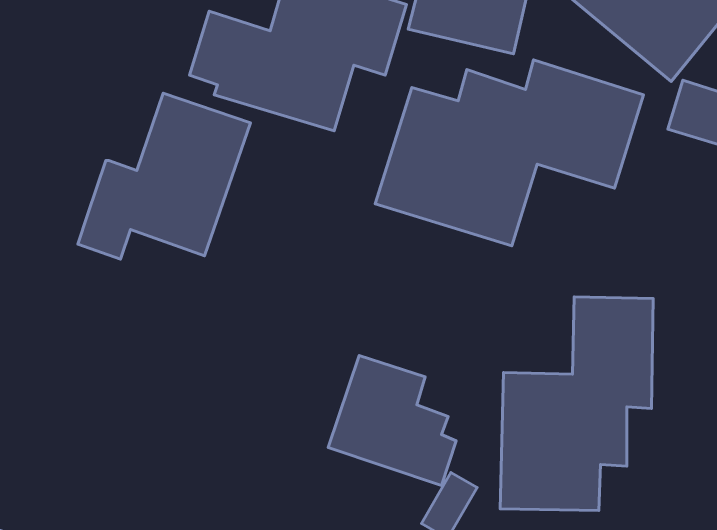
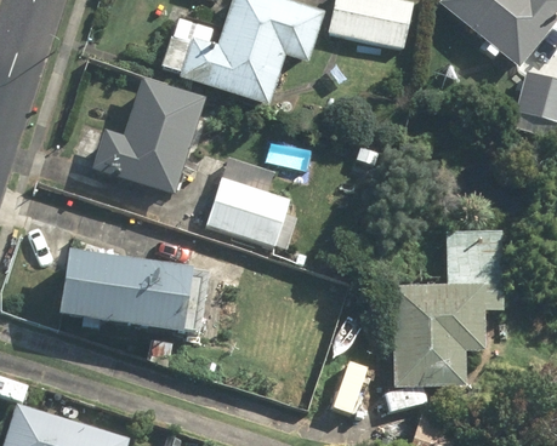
building: [375,60,643,246] -> none
building: none -> [59,253,210,338]
building: [328,356,456,485] -> [204,154,299,250]

